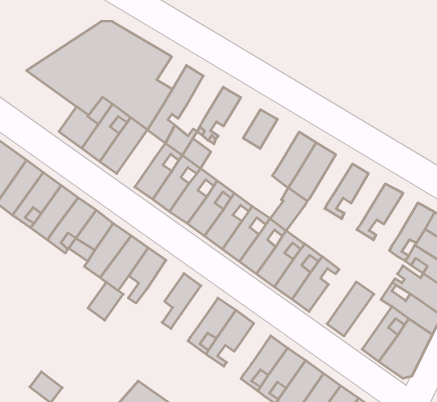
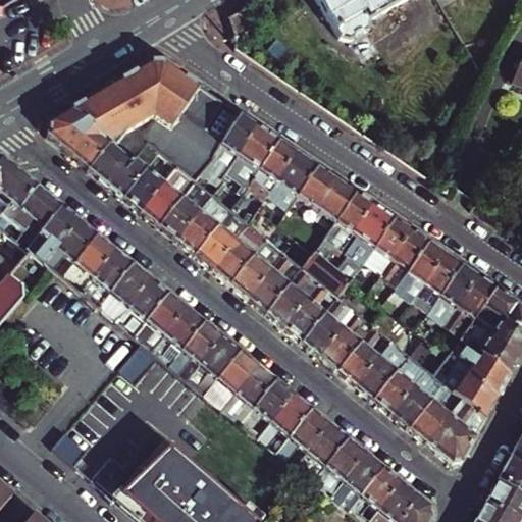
building: none -> [49,107,121,174]
building: none -> [233,124,279,178]
building: none -> [277,150,318,194]
building: none -> [315,175,358,220]
building: none -> [160,178,214,239]
building: none -> [365,217,413,274]
building: none -> [398,240,447,299]
building: none -> [303,236,343,281]
building: none -> [430,263,480,323]
building: none -> [172,319,225,378]
building: none -> [357,341,409,398]
building: none -> [208,349,260,407]
building: none -> [393,369,446,427]
building: none -> [262,393,314,451]

